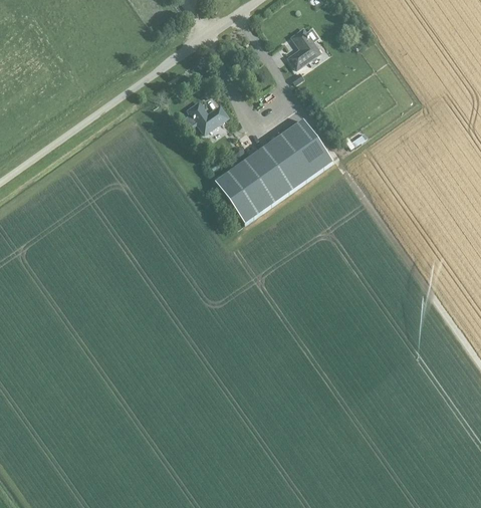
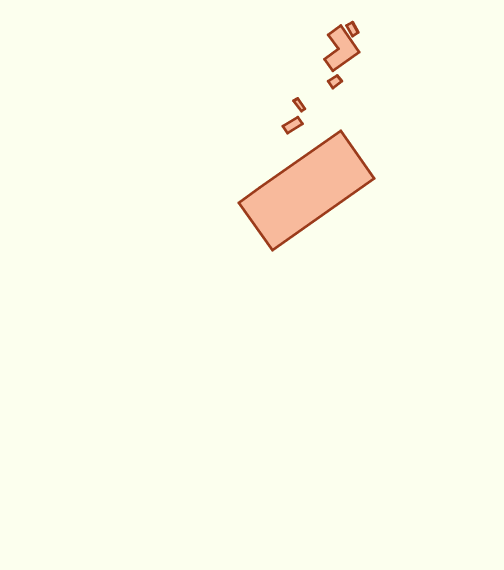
building: [184,101,228,133] -> none

